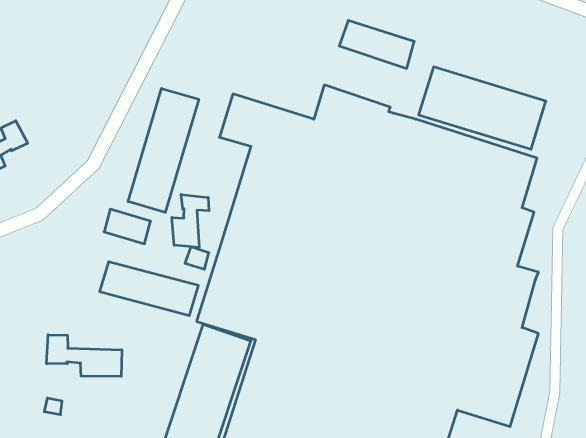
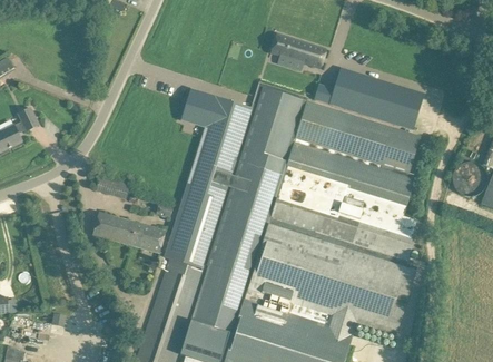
building: [128,88,199,212] -> none
building: [172,194,209,247] -> none
building: [47,335,122,376] -> none

